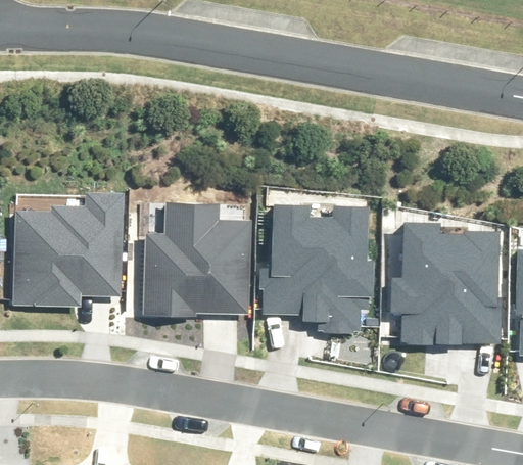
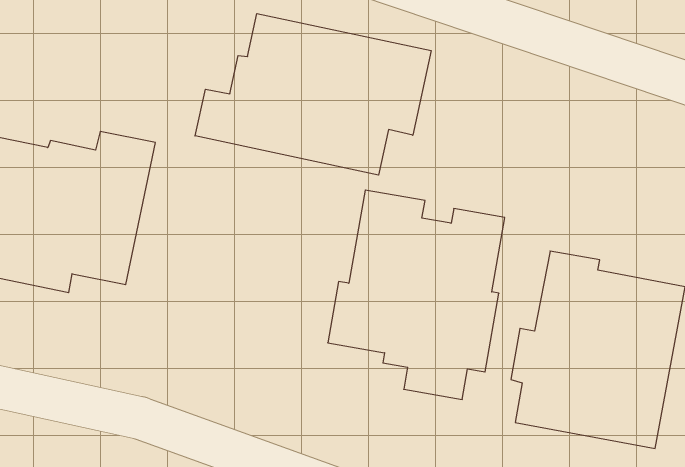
building: none -> [195,14,431,175]
building: [143,202,250,319] -> none

